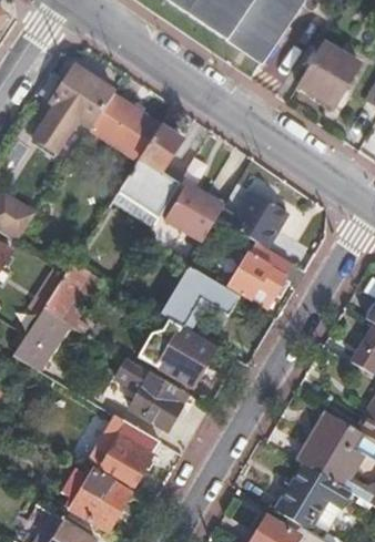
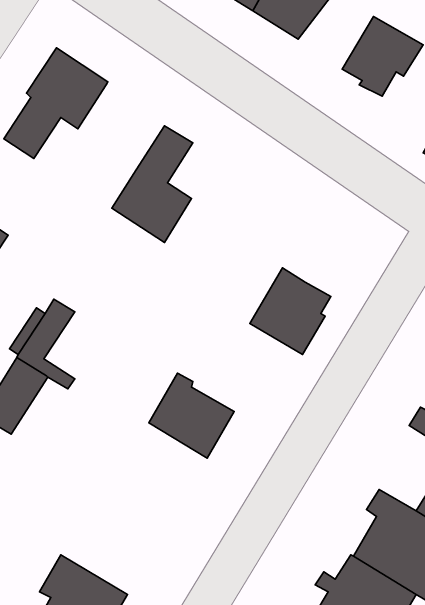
building: [90,95,160,162] -> none
building: [165,185,224,243] -> none
building: [232,191,290,249] -> none
building: [161,267,240,333] -> none
building: [116,359,186,431] -> none
building: [89,415,159,484] -> none

